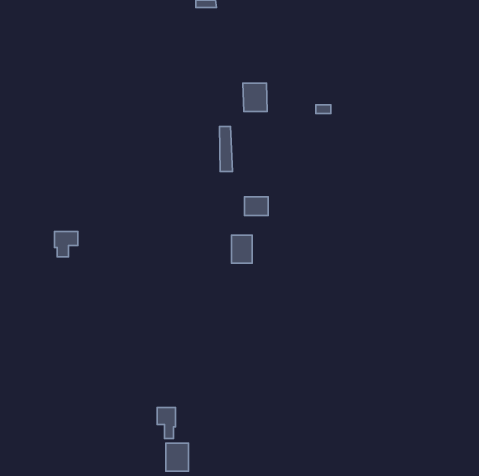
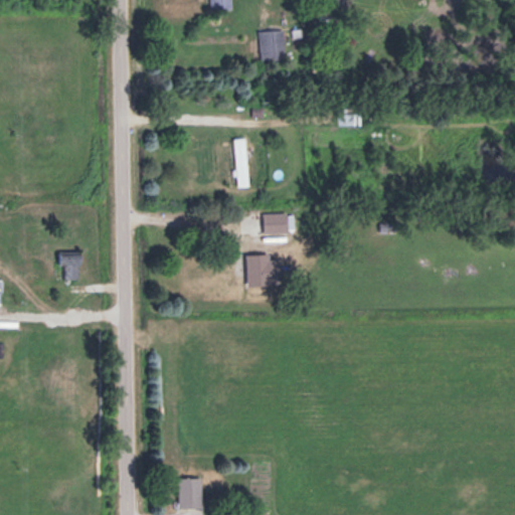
building: [243,83,267,111] -> [259,31,285,61]
building: [157,407,176,438] -> none

